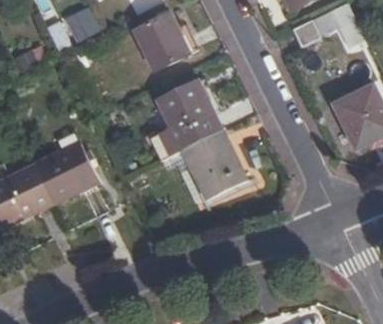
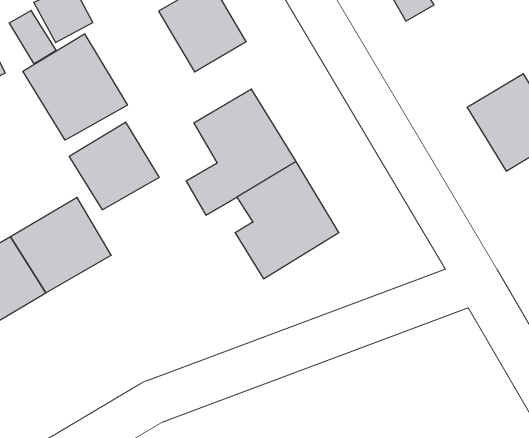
building: none -> [23,34,127,140]
building: none -> [69,122,159,210]

